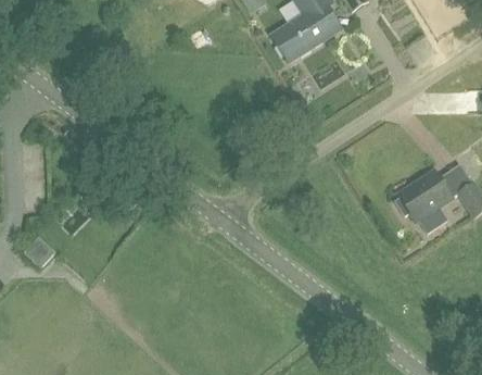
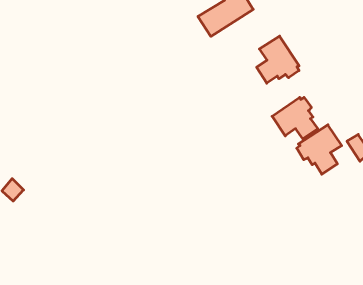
building: none -> [257,36,299,83]
building: none -> [272,97,318,139]

